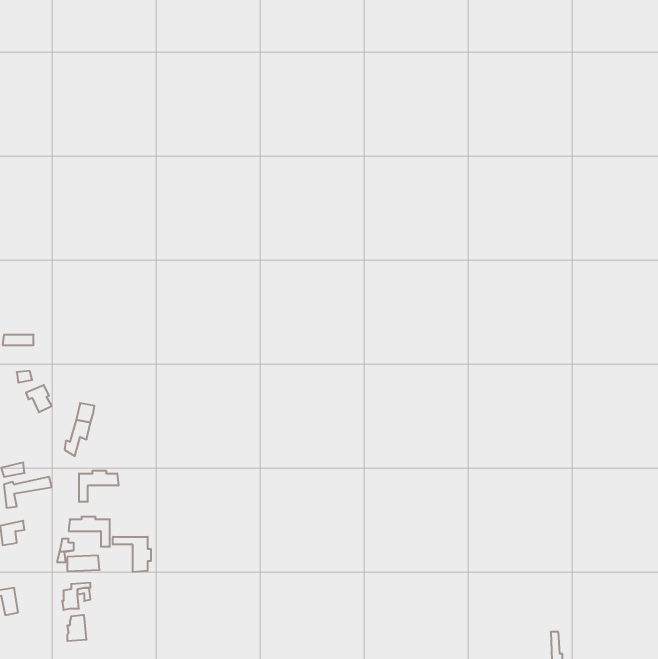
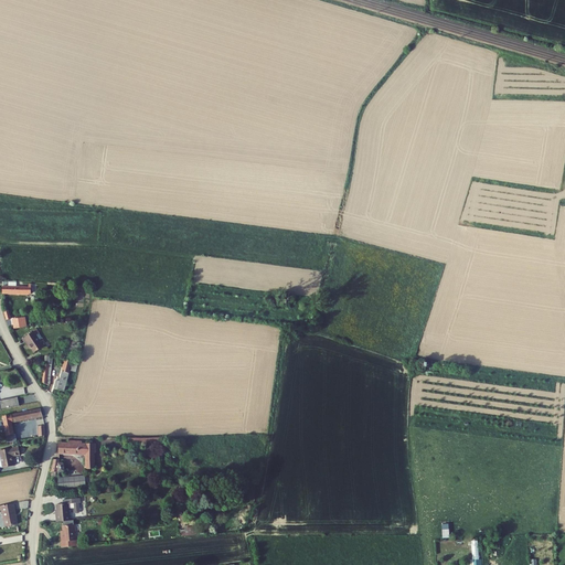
building: [79,471,118,502] -> none
building: [113,537,151,572] -> none

